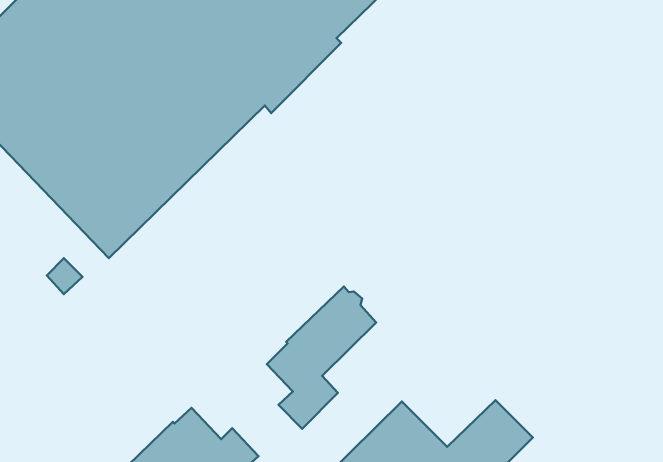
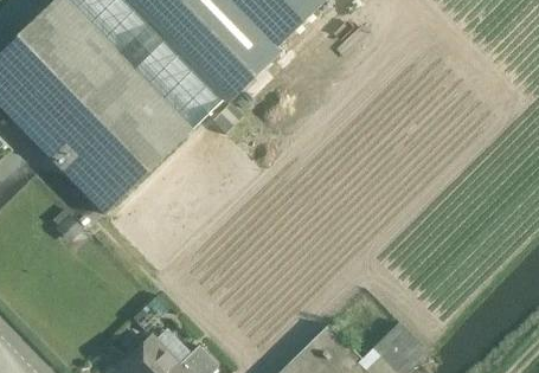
building: [267,287,376,429] -> none

